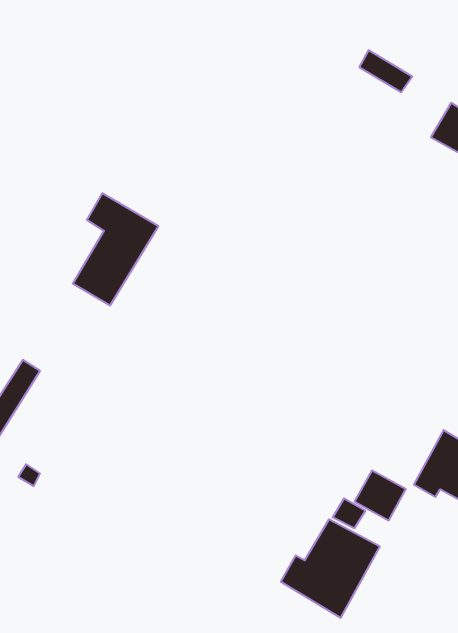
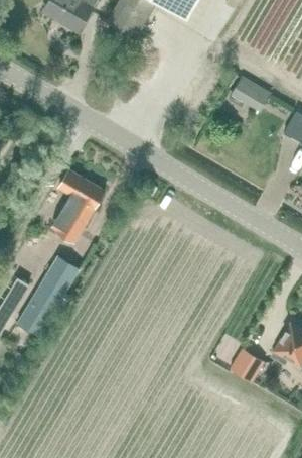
building: none -> [16,254,81,338]
building: [281,519,380,618] -> none

